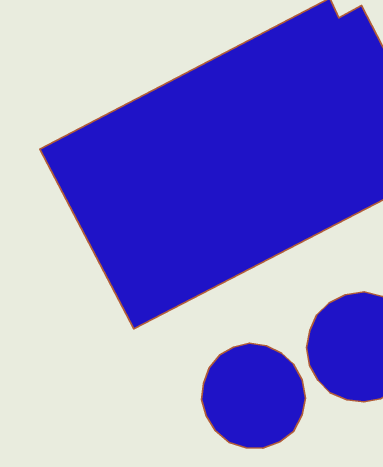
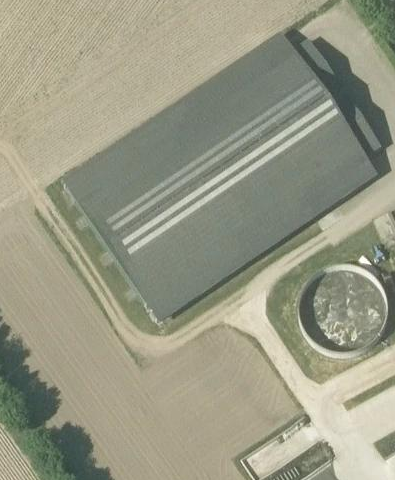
building: [202,343,306,448] -> none

